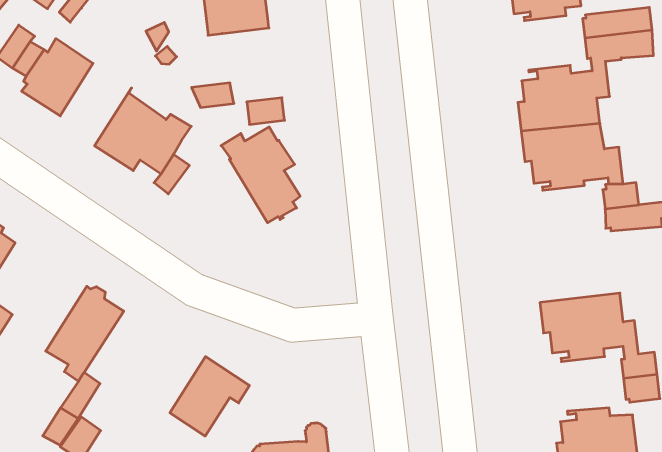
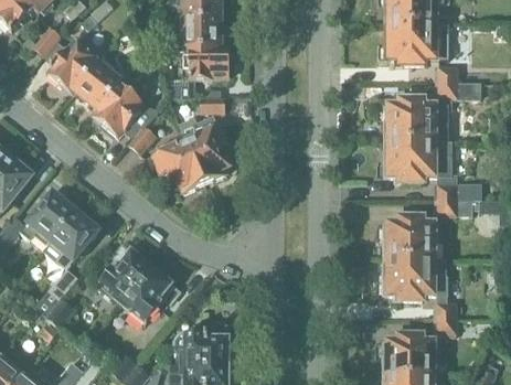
building: none -> [188,42,228,78]
building: none -> [71,58,121,115]
building: none -> [152,135,203,192]
building: none -> [382,216,437,257]
building: none -> [19,191,75,245]
building: none -> [98,244,150,302]

